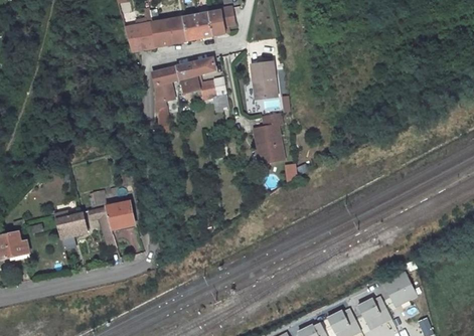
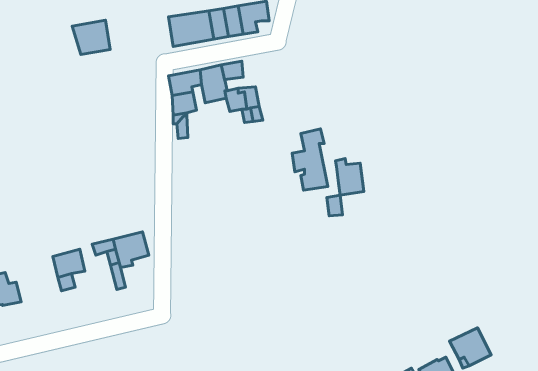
building: [125,19,156,47] -> [72,20,110,54]
building: [248,59,279,99] -> none
building: none -> [336,159,364,195]

